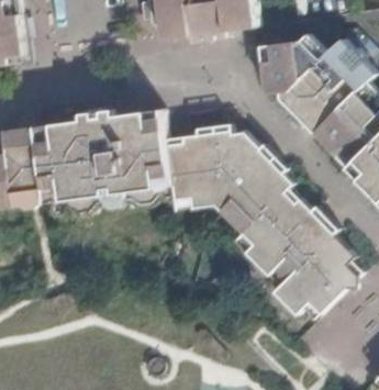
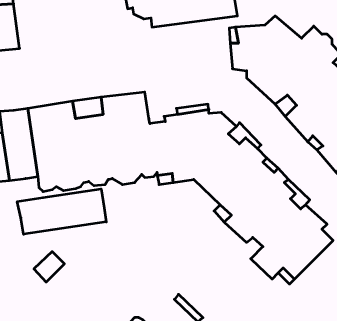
building: none -> [17,189,106,234]

